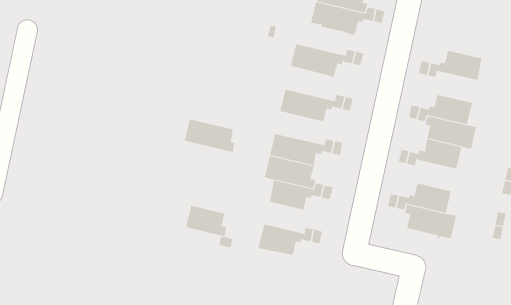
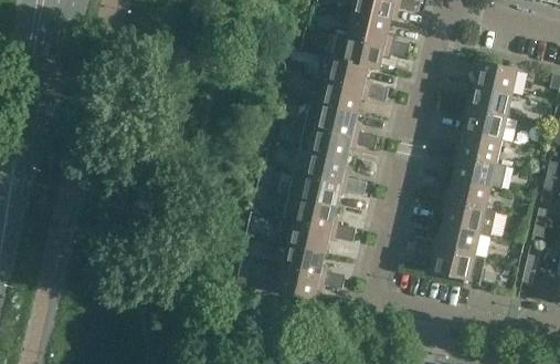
building: none -> [326,56,370,91]
building: none -> [473,60,518,94]
building: none -> [305,102,359,138]
building: none -> [462,107,507,141]
building: [184,119,236,153] -> [294,149,348,185]
building: none -> [441,200,495,236]
building: [185,205,227,237] -> [283,245,327,278]

